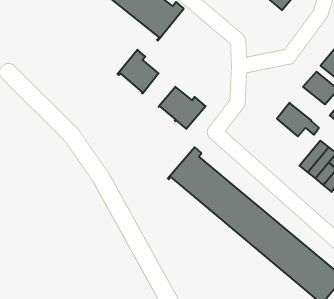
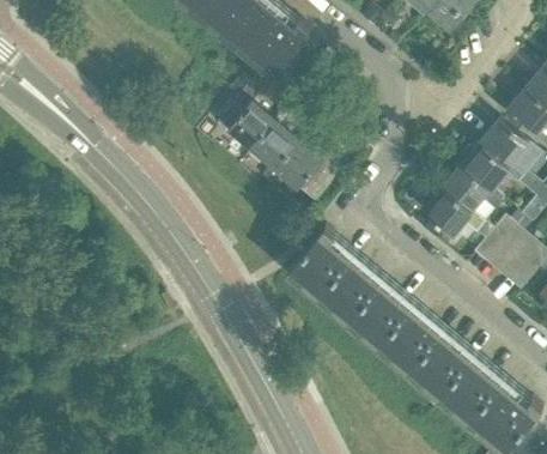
building: none -> [253,123,299,171]
building: none -> [462,143,512,190]
building: none -> [424,188,474,236]

